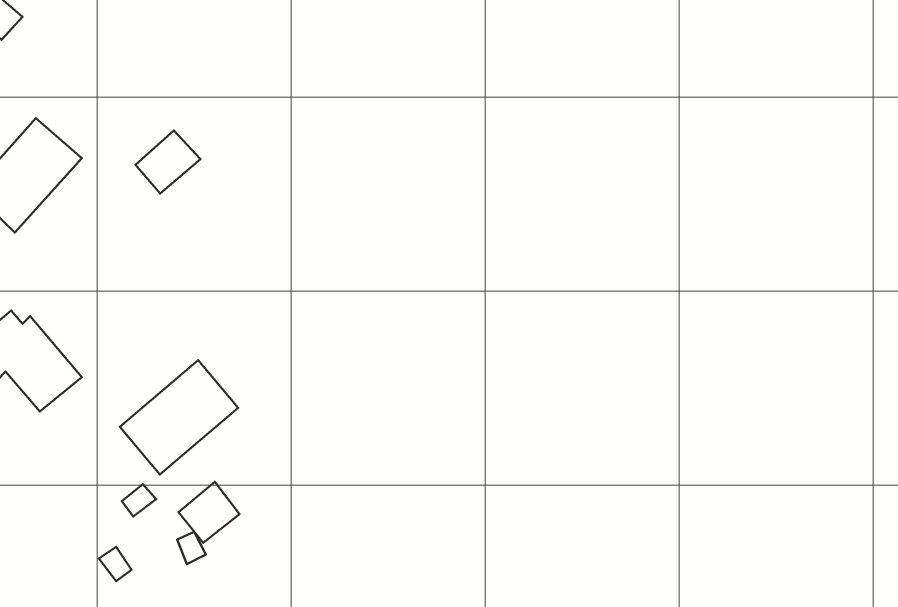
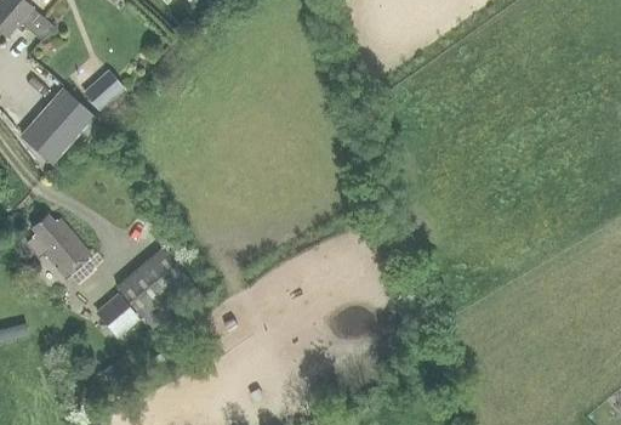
building: [136,131,200,194] -> [82,70,124,110]
building: [178,482,240,543] -> [97,295,136,334]

